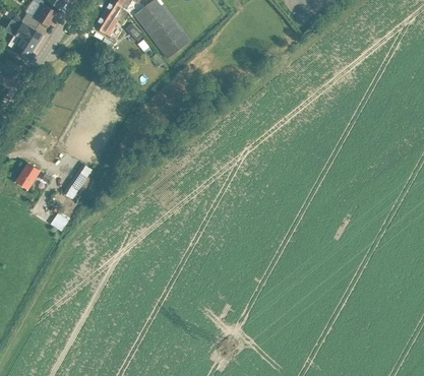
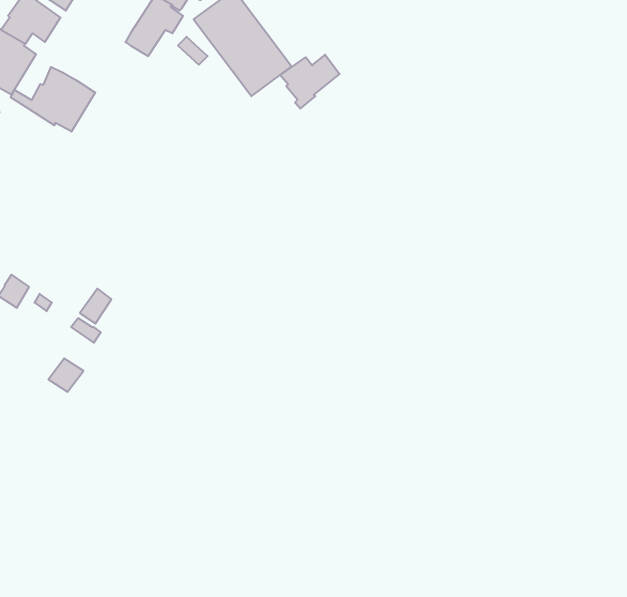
building: none -> [280,55,340,109]
building: none -> [11,67,95,132]

